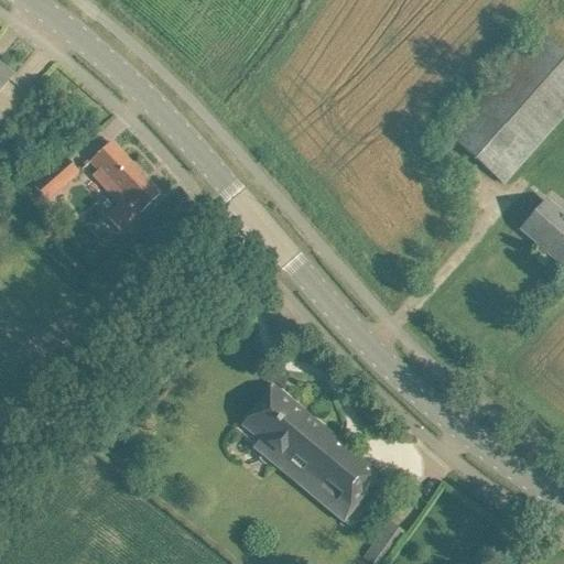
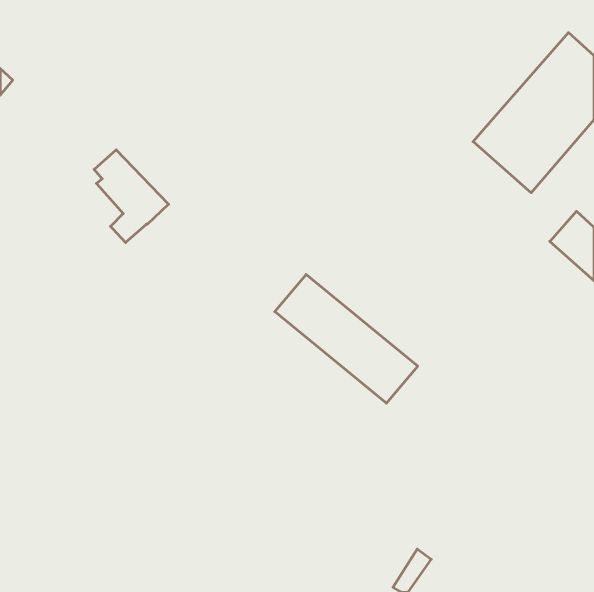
building: [32,156,78,200] -> none
building: [245,389,380,511] -> [275,274,418,403]

